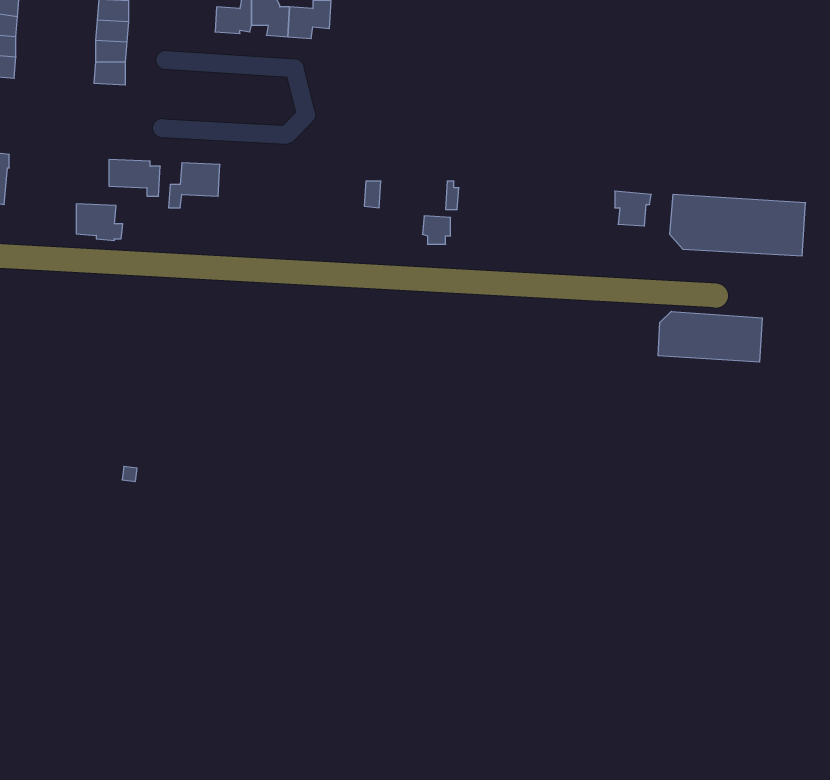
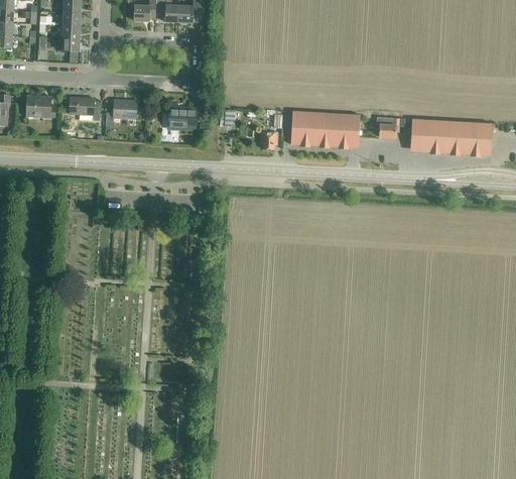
building: none -> [169,103,195,129]
building: none -> [289,111,359,147]
building: [76,204,123,240] -> [26,96,54,118]
building: [658,311,762,362] -> none

